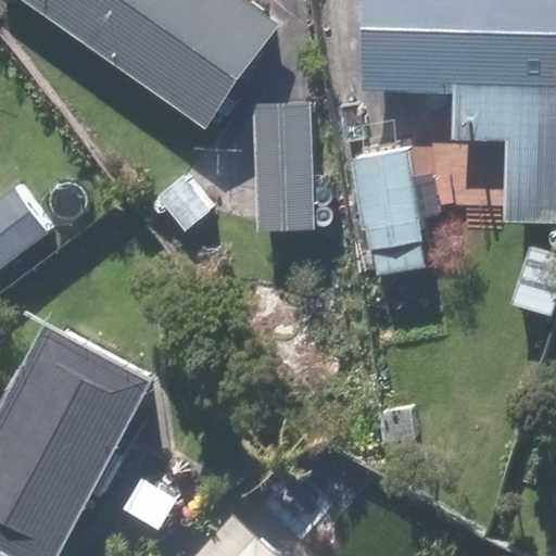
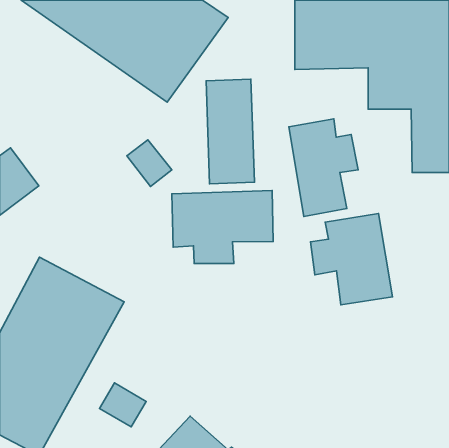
building: none -> [172,191,273,264]
building: none -> [311,214,393,305]

